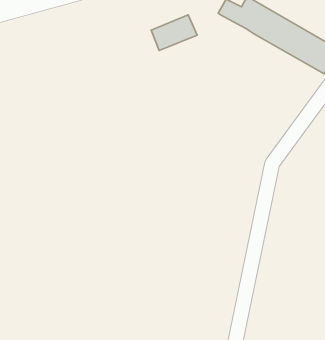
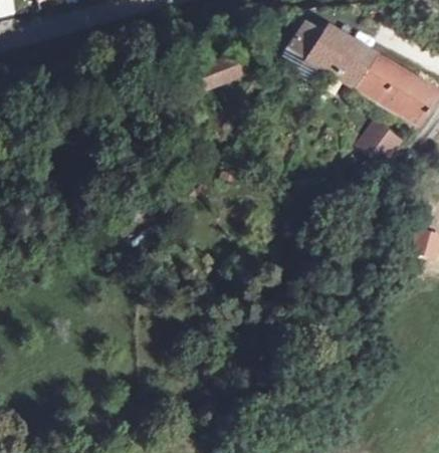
building: none -> [354,125,395,162]

